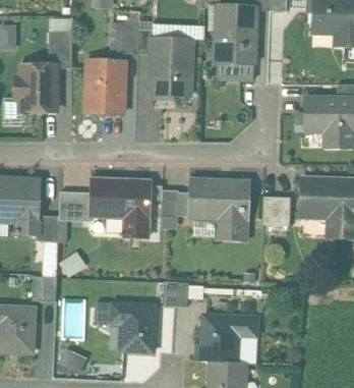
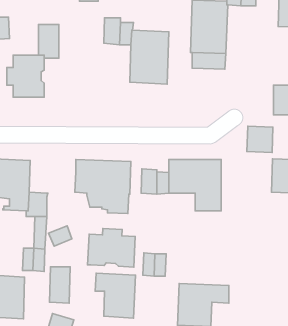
building: [83,60,123,114] -> none
building: [58,191,90,222] -> none
building: [261,196,290,224] -> [247,126,273,152]
building: none -> [88,228,135,267]

